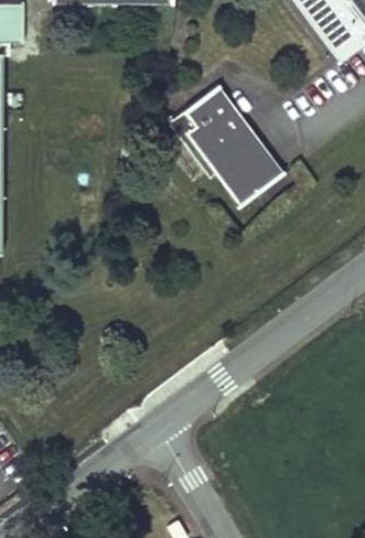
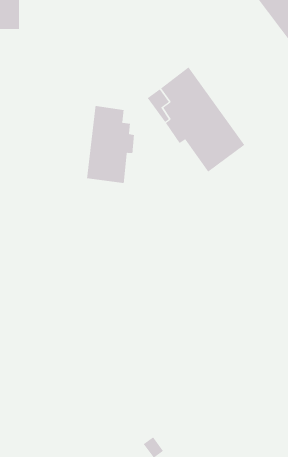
building: none -> [87,105,135,184]

